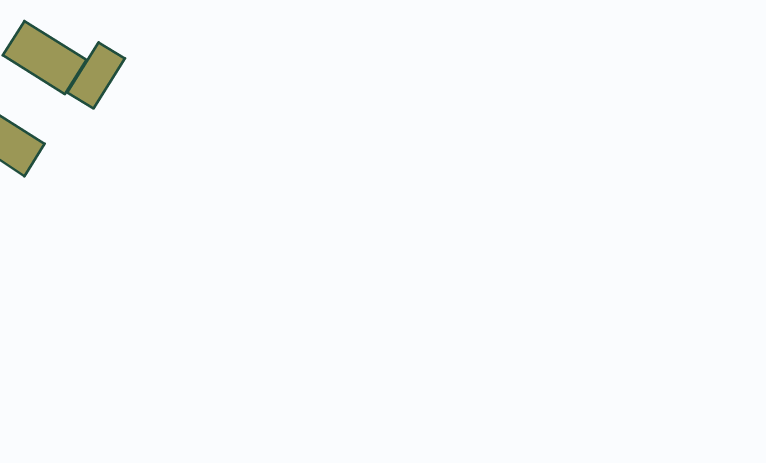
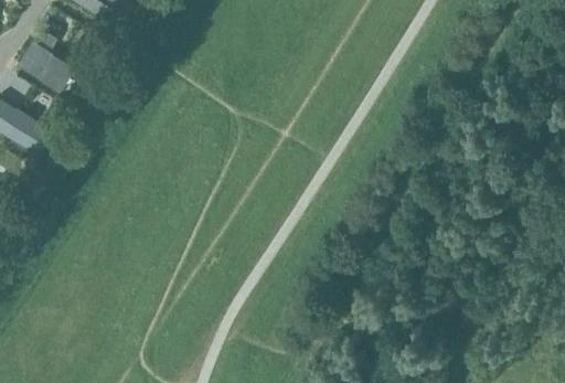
building: [67,42,125,108] -> none

